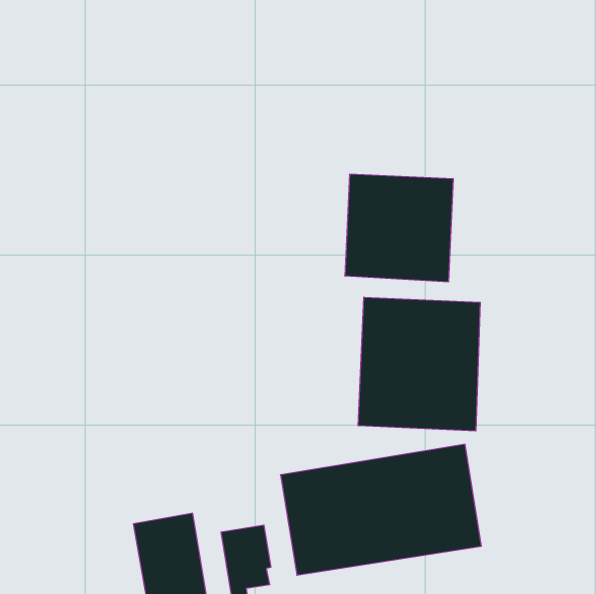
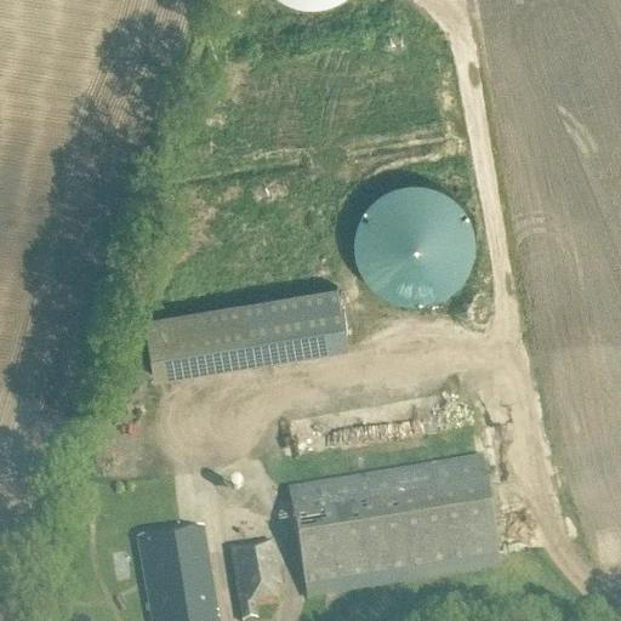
building: none -> [147,289,352,378]
building: [358,297,480,431] -> none

